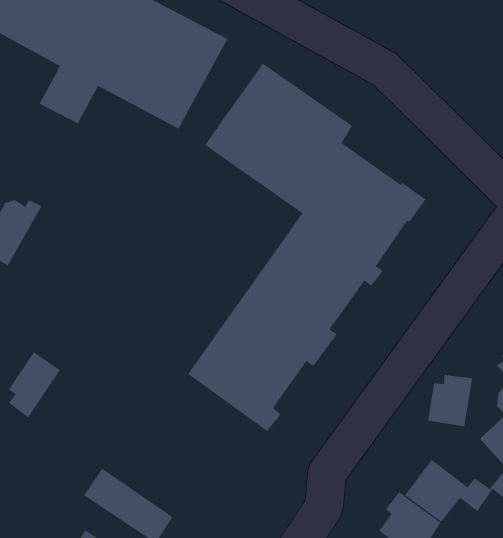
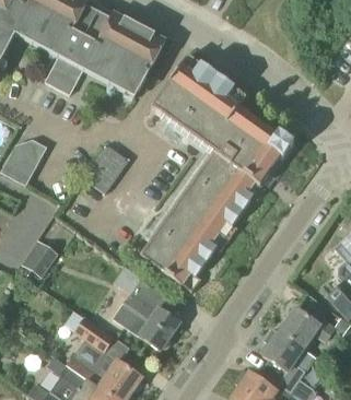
building: none -> [82,144,129,193]
building: [428,374,473,427] -> none
building: none -> [114,267,179,350]

